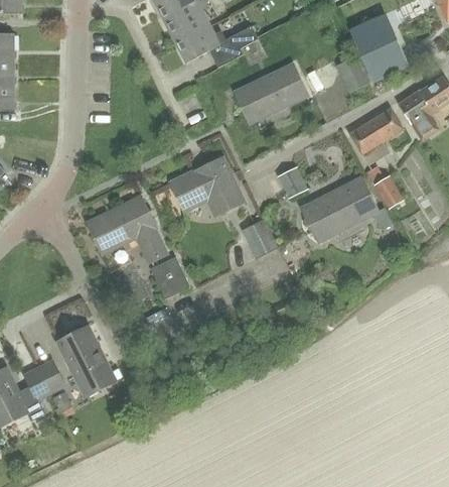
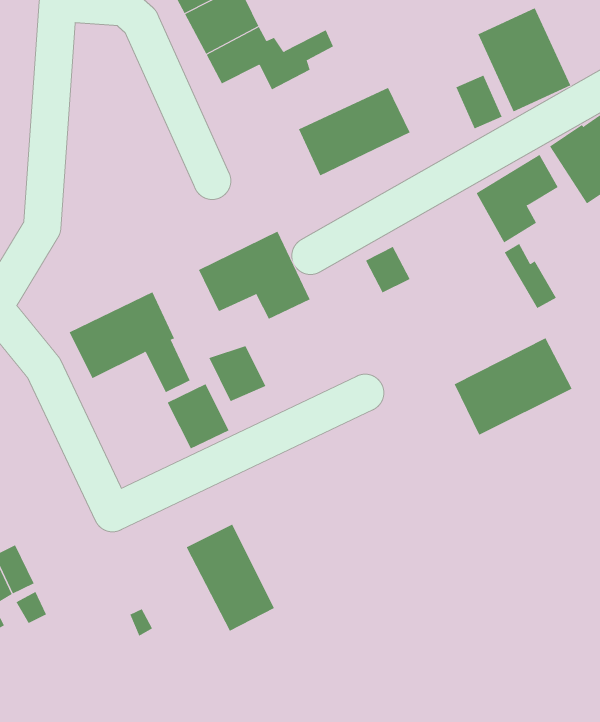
building: [301,177,378,241] -> [454,337,572,436]
building: [241,221,278,257] -> [208,346,266,402]
building: [57,326,115,395] -> [186,524,275,632]

